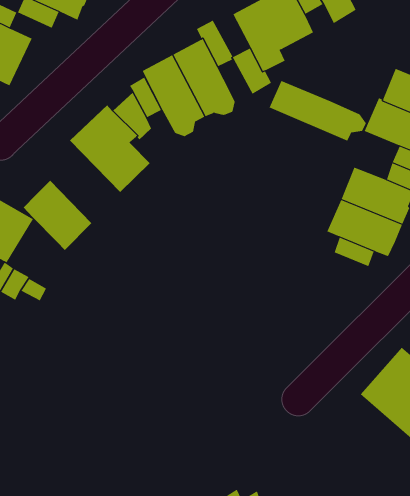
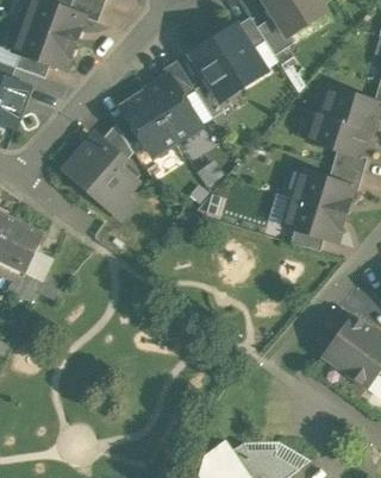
building: [269,80,366,142] -> none
building: [23,180,92,251] -> none

